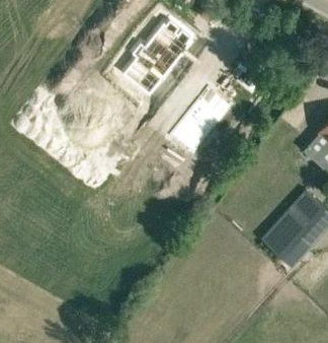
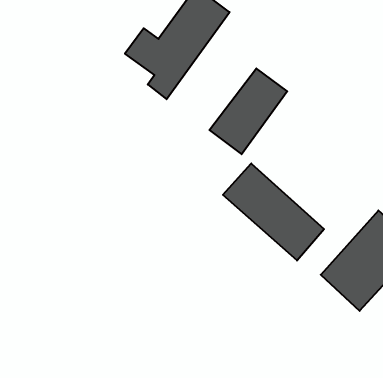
building: none -> [223,163,324,261]

